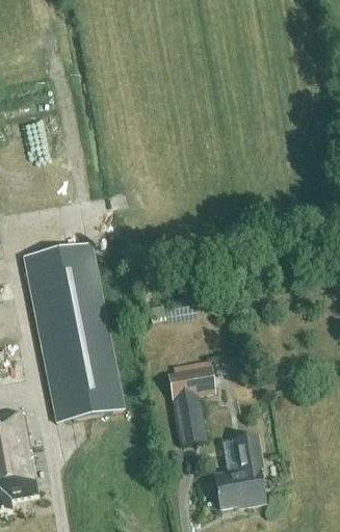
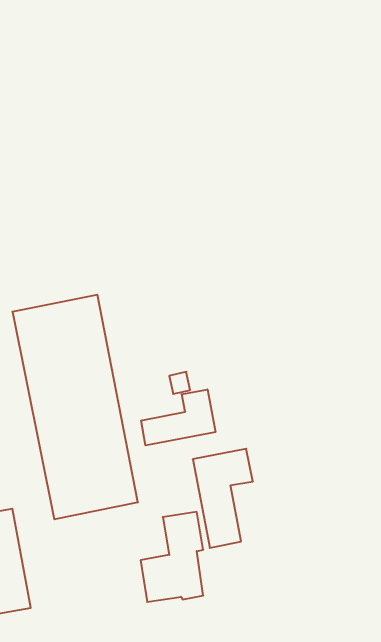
building: none -> [141,389,215,445]
building: [213,434,263,506] -> [141,512,203,602]

